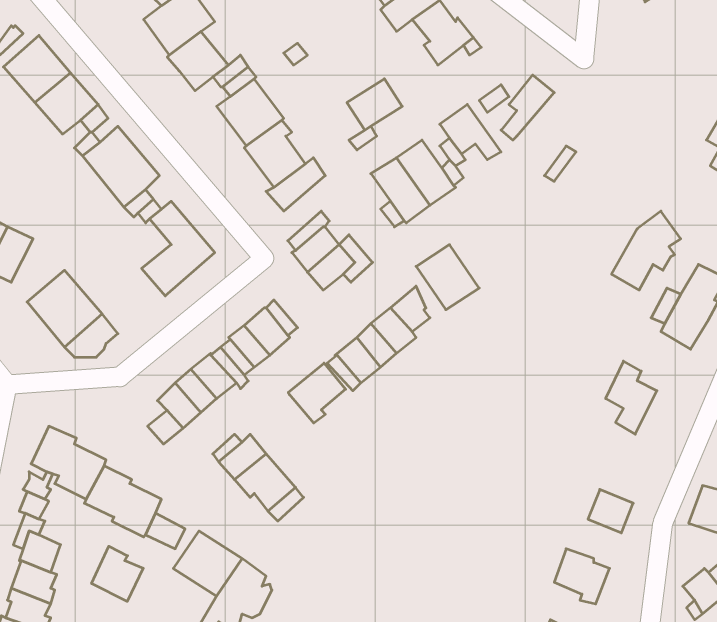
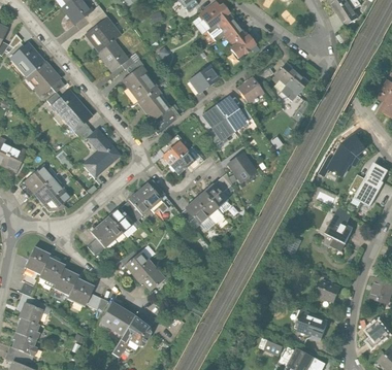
building: none -> [279,72,309,101]
building: [288,363,346,423] -> none
building: [92,546,143,601] -> none

